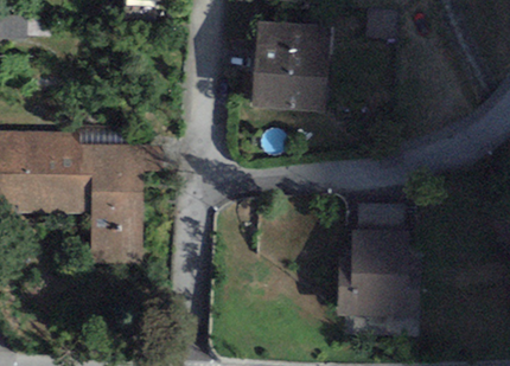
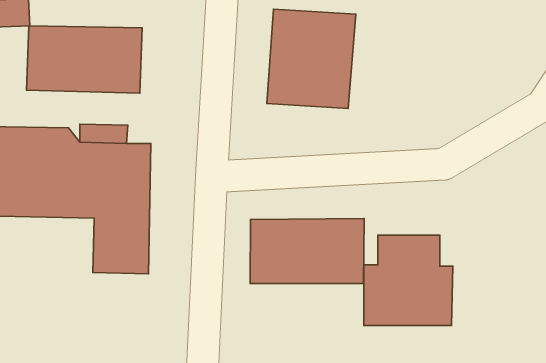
building: none -> [27,26,142,93]
building: none -> [250,219,364,283]

